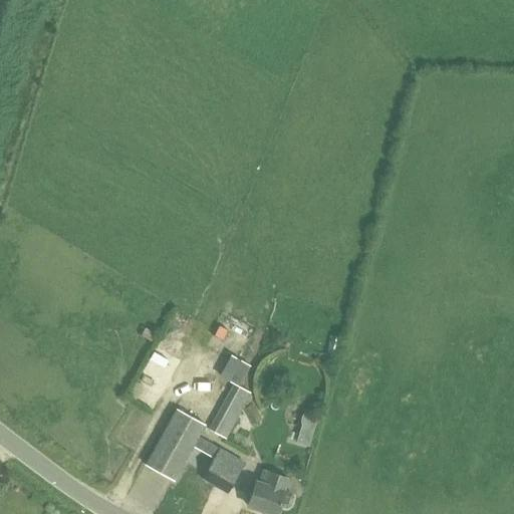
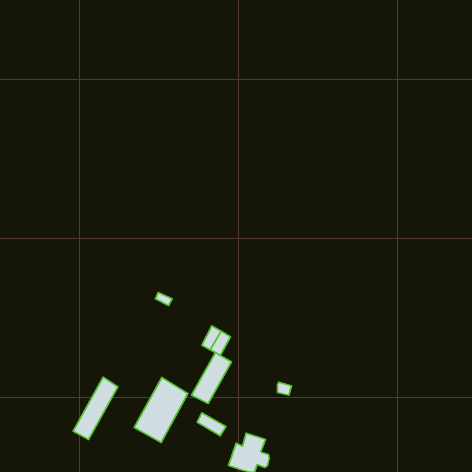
building: none -> [73,377,118,439]
building: [203,458,240,492] -> none

